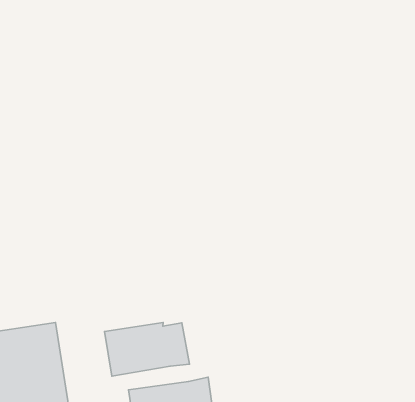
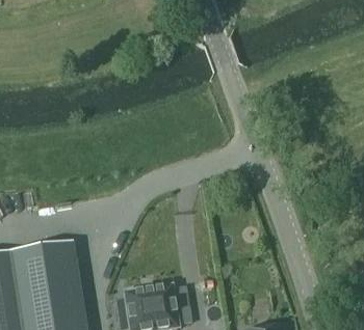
building: [105,322,189,376] -> none

